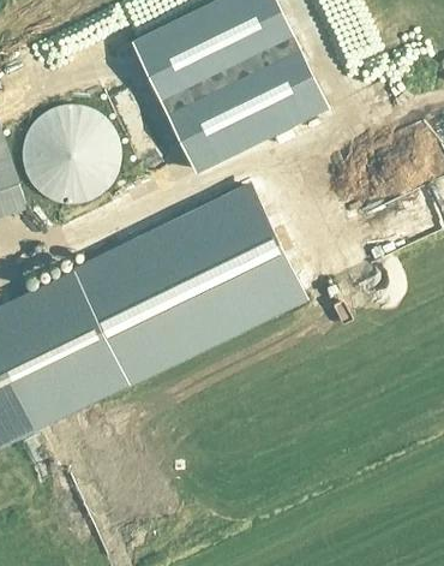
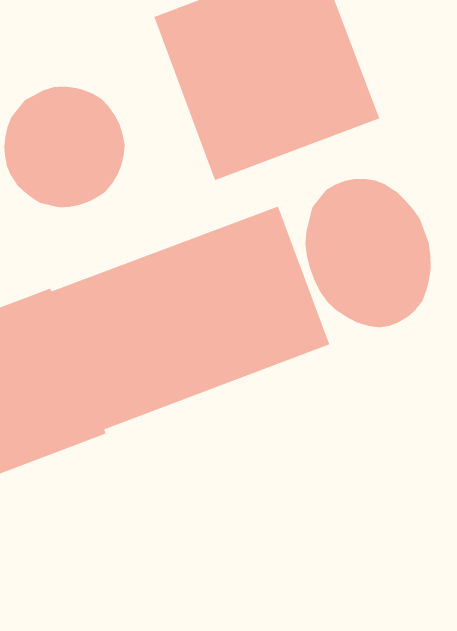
building: none -> [305,178,431,328]

